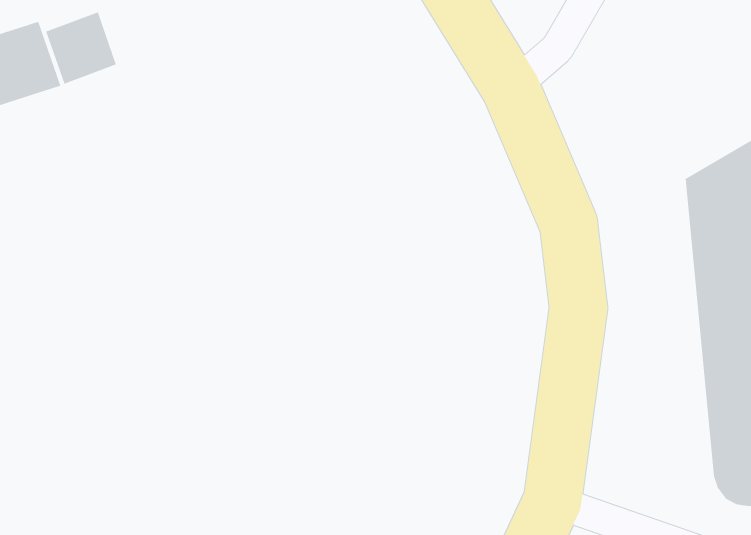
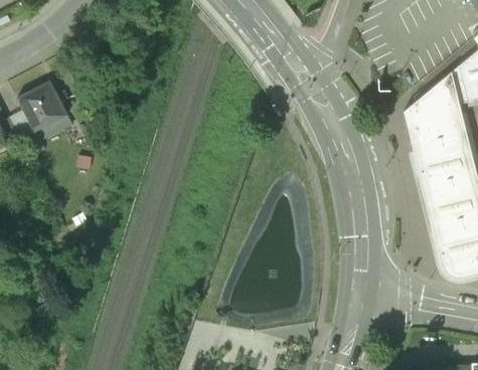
building: [46,12,117,85] -> none

